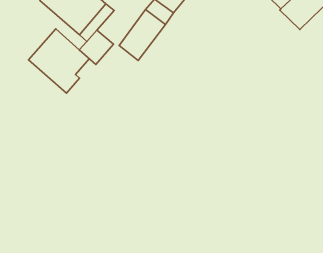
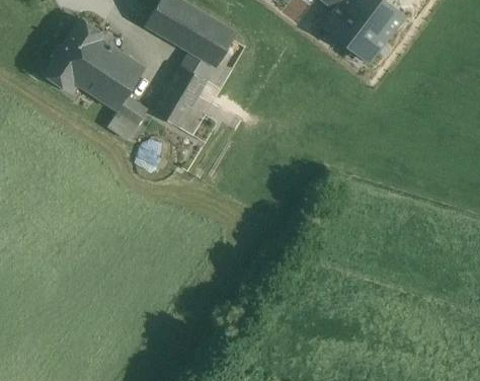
building: [28,29,89,93] -> none

